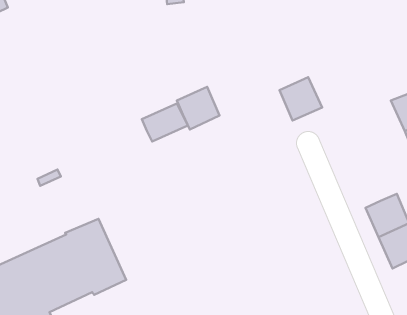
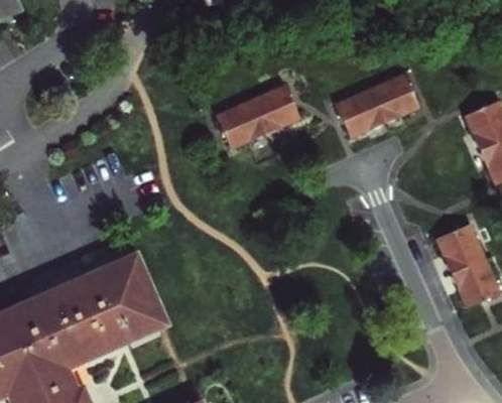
building: none -> [370,74,421,125]
building: none -> [253,86,301,134]
building: [142,103,188,142] -> none

